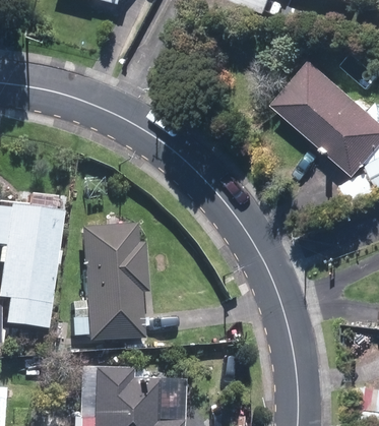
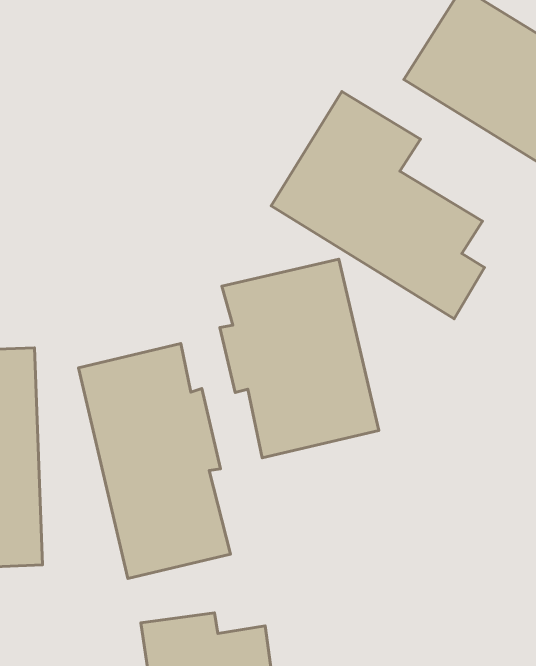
building: none -> [271,92,484,319]
building: none -> [220,259,379,458]

